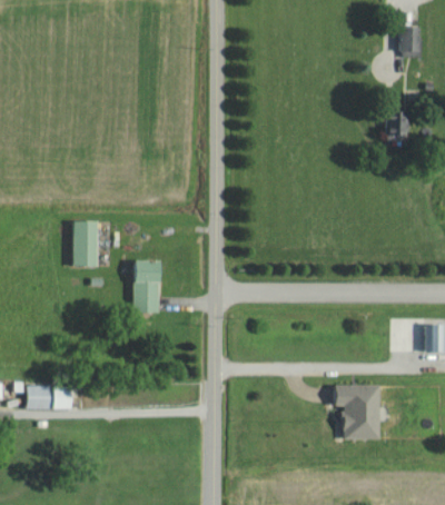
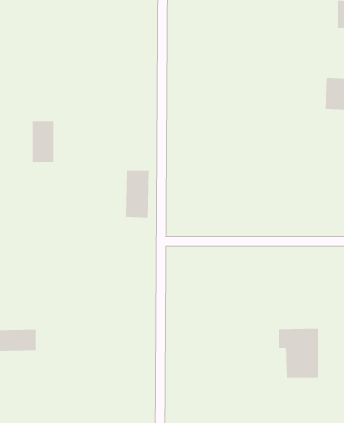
building: [72,220,97,266] -> [32,121,54,163]
building: [134,260,160,313] -> [125,170,149,218]

